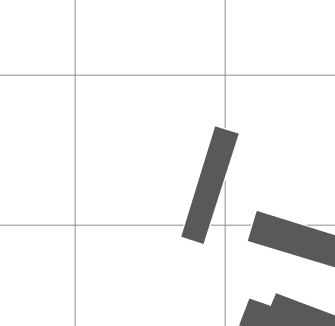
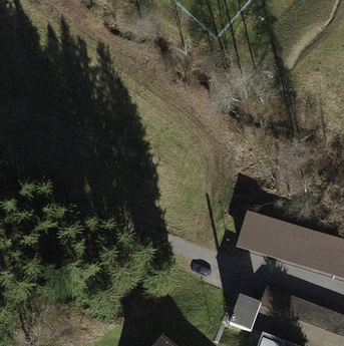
building: [180,126,240,245] -> none

